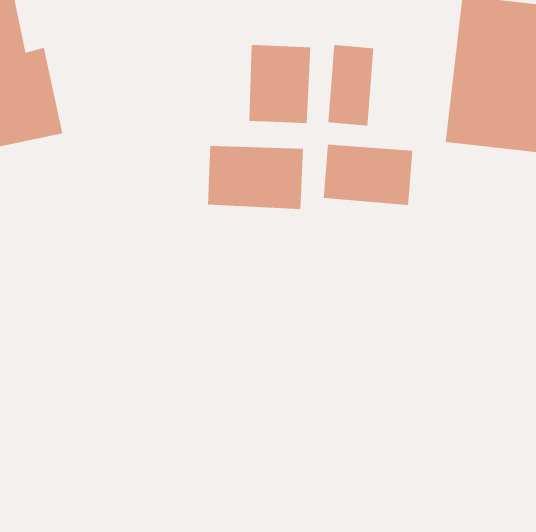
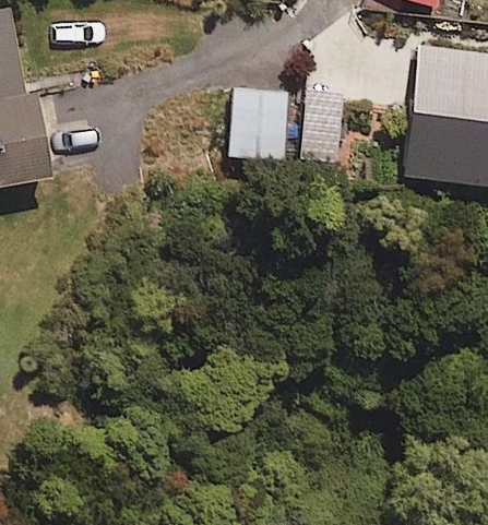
building: [323,144,413,206] -> none
building: [207,145,303,210] -> none

